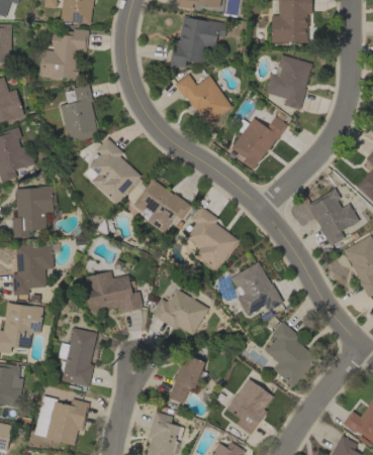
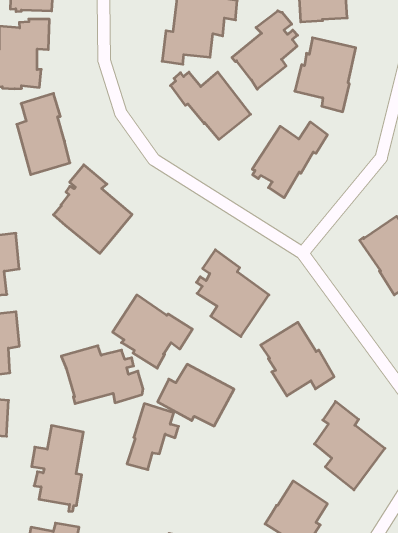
building: none -> [232,11,298,89]
building: [133,179,192,233] -> [113,295,192,368]
building: [169,355,208,404] -> [127,404,179,470]

